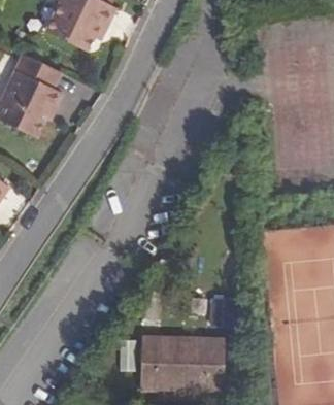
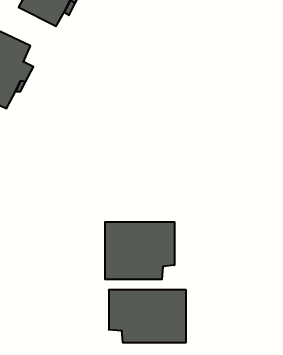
building: none -> [105,222,174,279]

